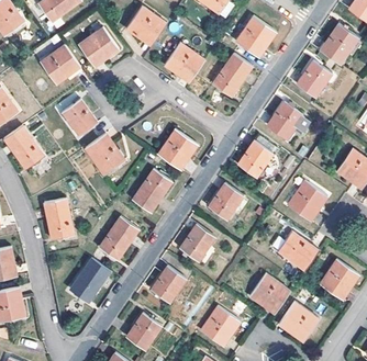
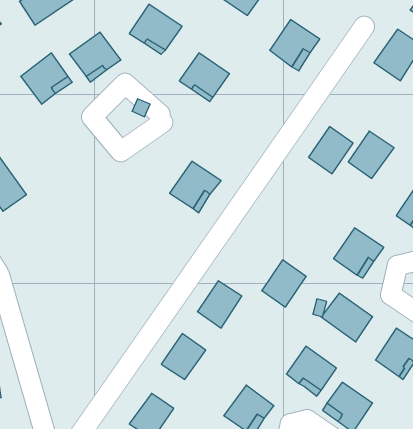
building: [213,53,253,97] -> none
building: [296,59,332,97] -> [348,131,394,178]
building: [63,98,98,135] -> none
building: [85,132,124,173] -> none
building: [237,138,274,177] -> none
building: [132,168,171,212] -> none
building: [208,181,243,218] -> [262,260,306,307]
building: [44,198,74,238] -> none
building: [99,216,138,260] -> none
building: [70,258,110,301] -> none

